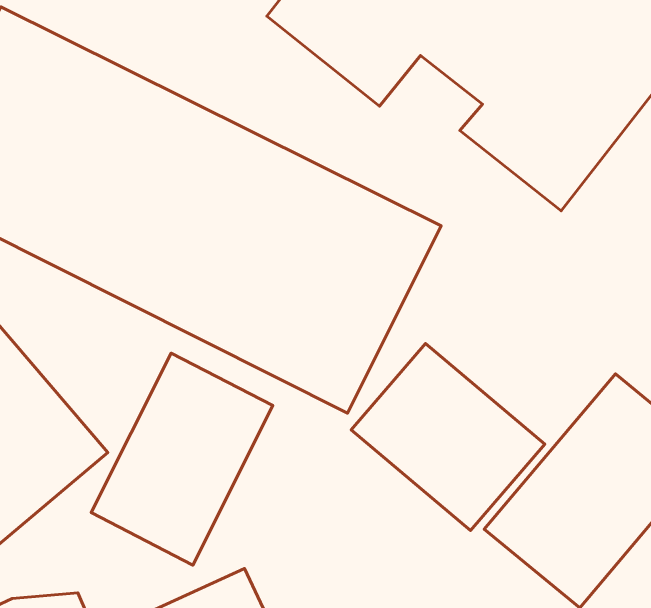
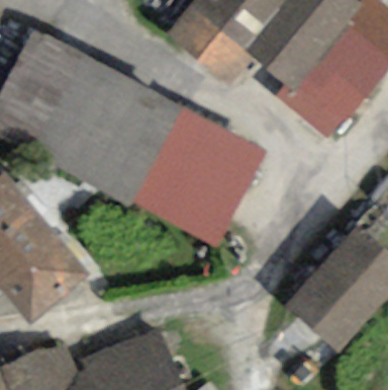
building: [351,344,545,531] -> none
building: [91,353,273,565] -> none

